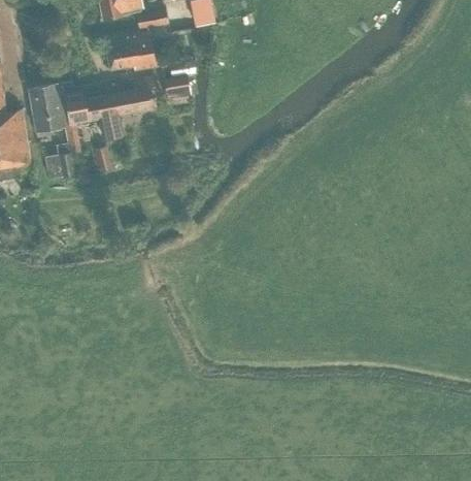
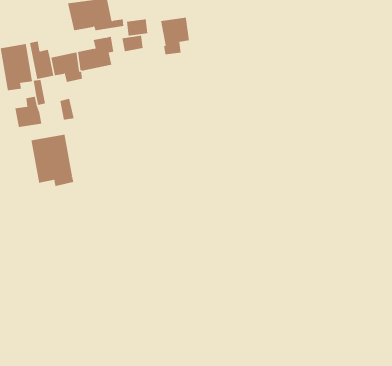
building: none -> [161,17,190,55]
building: none -> [31,134,74,187]

